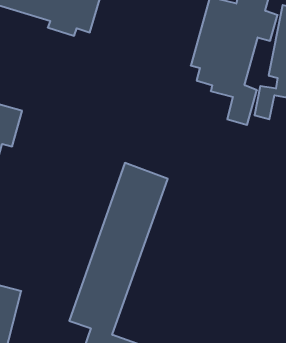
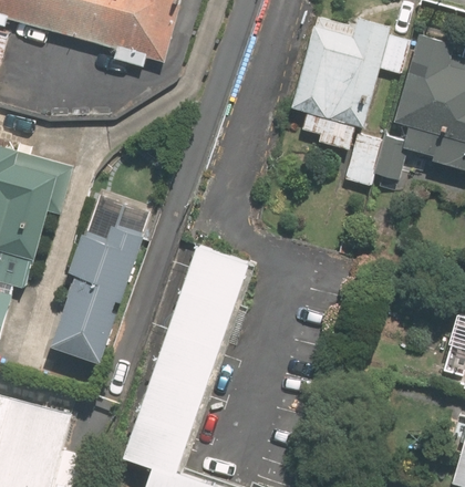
building: none -> [44,196,146,367]

